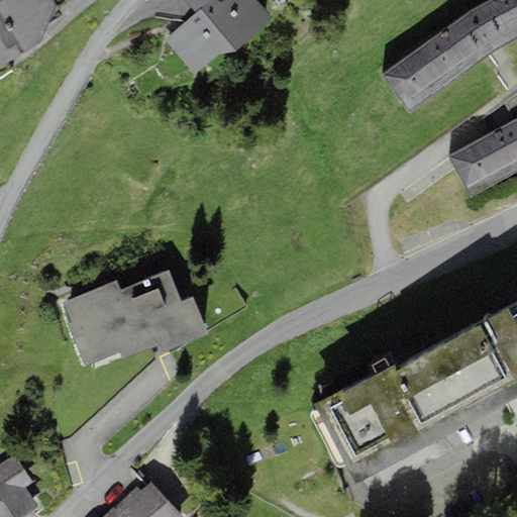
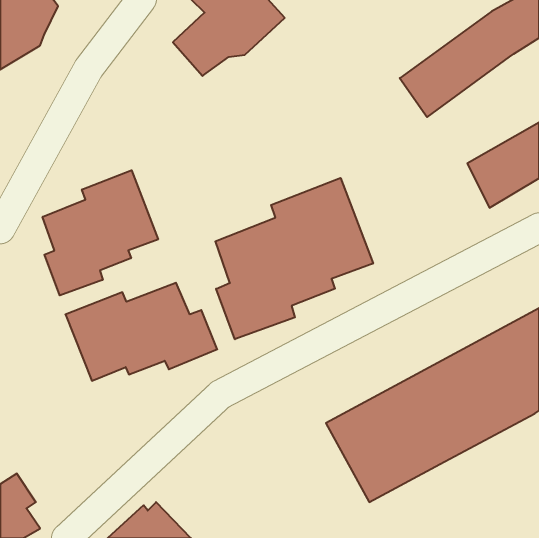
building: none -> [43,170,158,295]
building: none -> [215,178,373,339]

